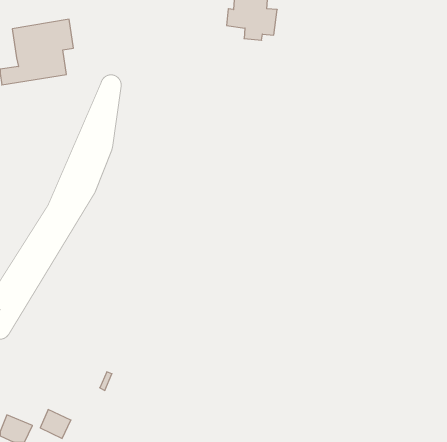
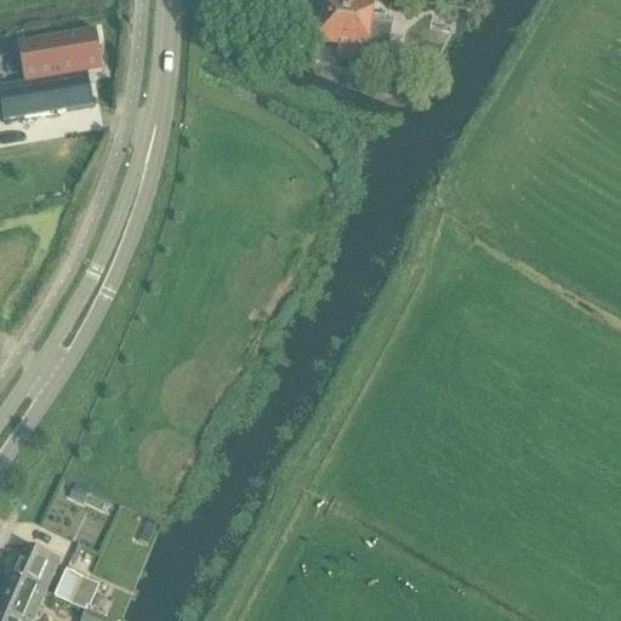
building: none -> [10,543,58,589]

